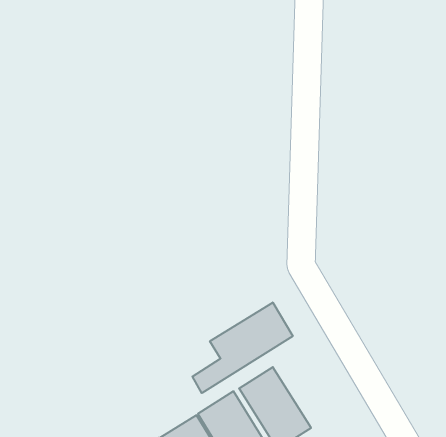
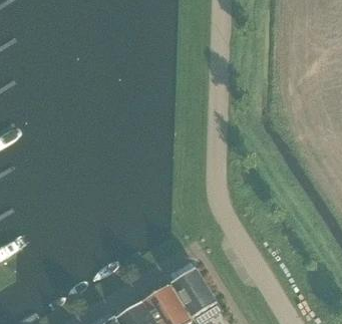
building: [192,302,293,393] -> none

